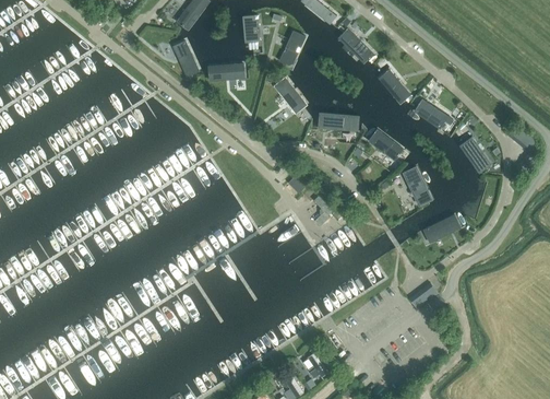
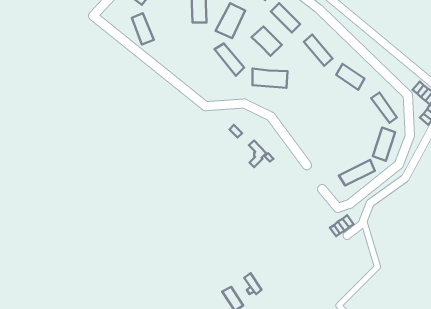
building: none -> [252,27,282,56]
building: [211,63,249,83] -> none
building: [363,122,403,159] -> none
building: [403,161,433,203] -> none

